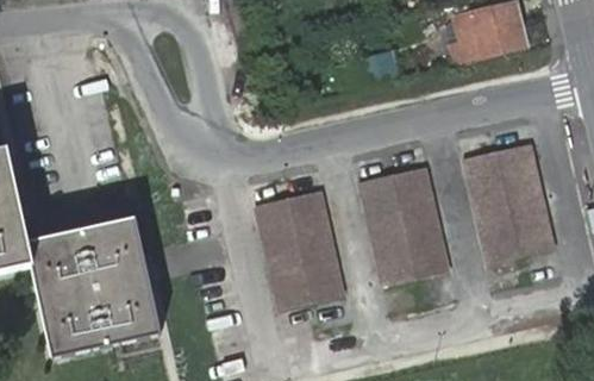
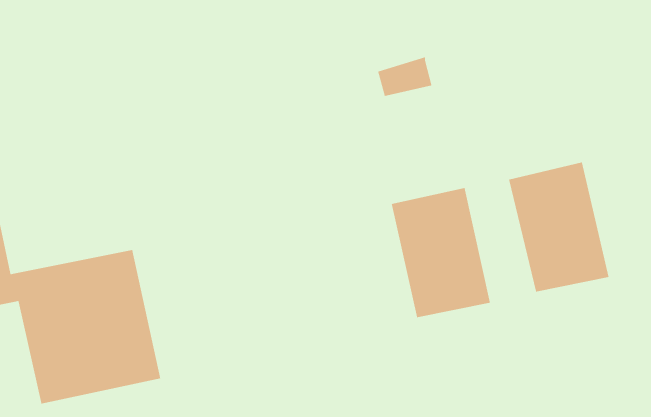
building: [451,10,526,64] -> none
building: [256,190,344,308] -> none

